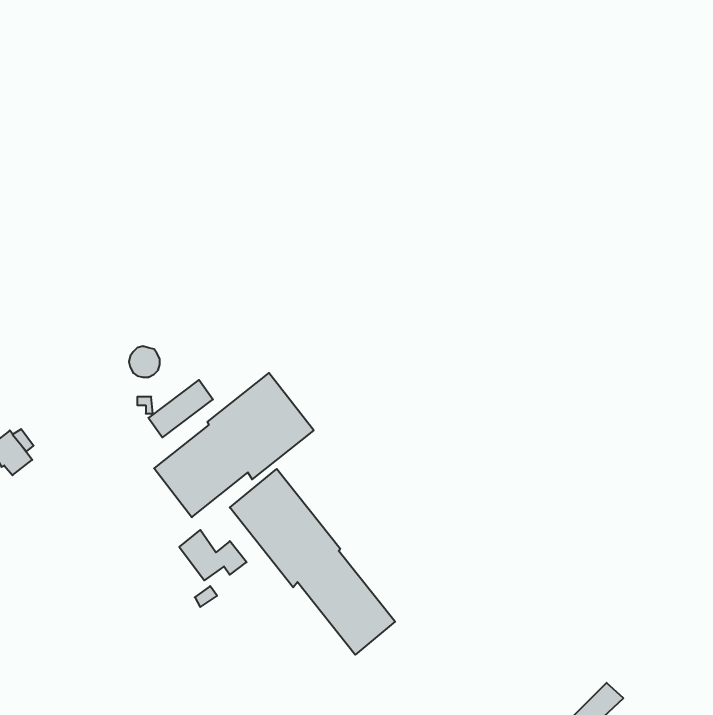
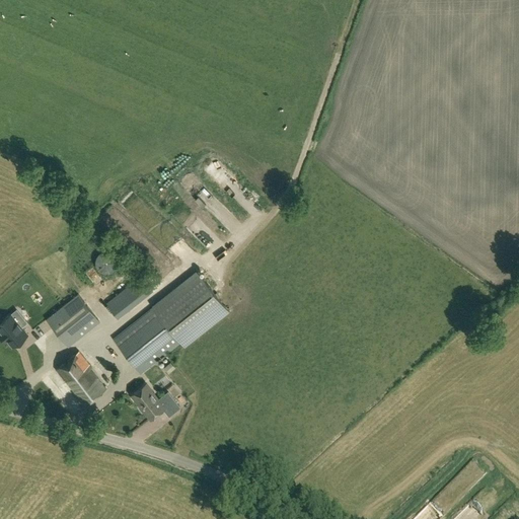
building: none -> [46,296,97,347]
building: [230,469,395,655] -> none
building: none -> [55,351,108,407]

